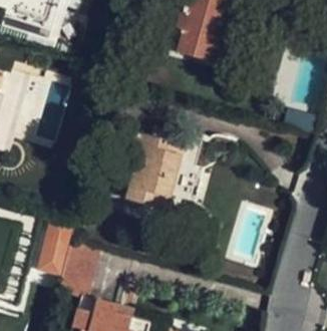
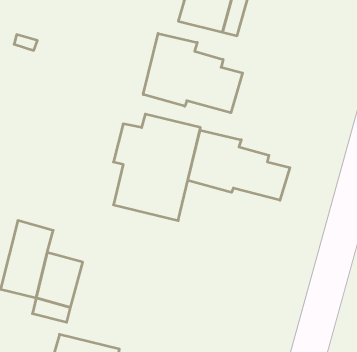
building: none -> [143,33,243,113]
building: none -> [188,130,290,200]

